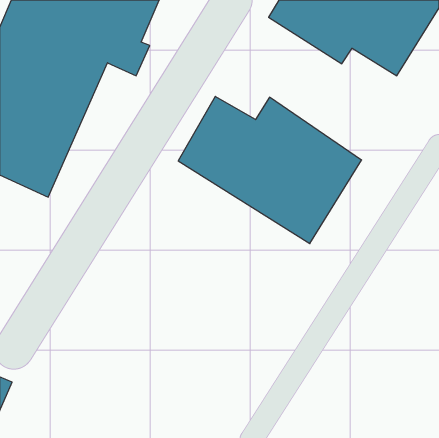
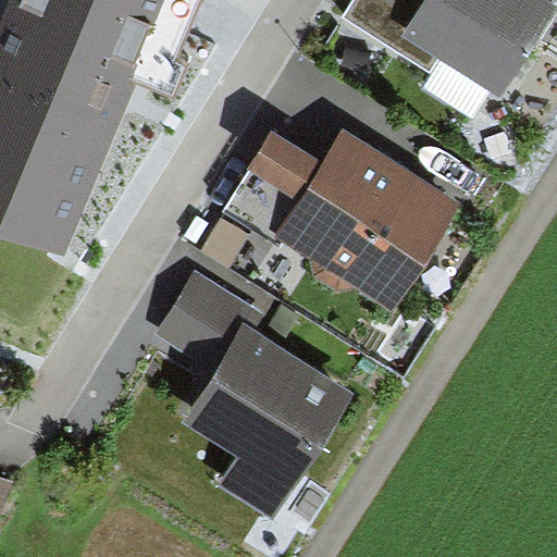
building: none -> [152,270,352,498]

